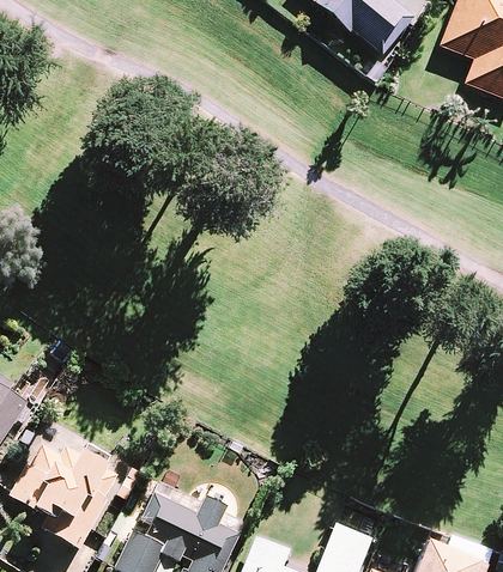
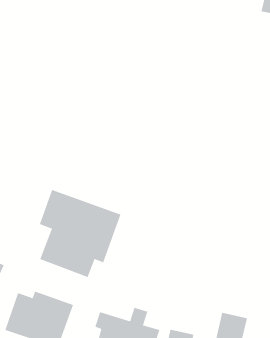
building: none -> [39,189,121,278]

